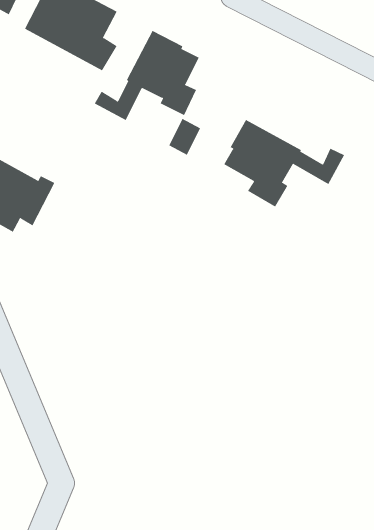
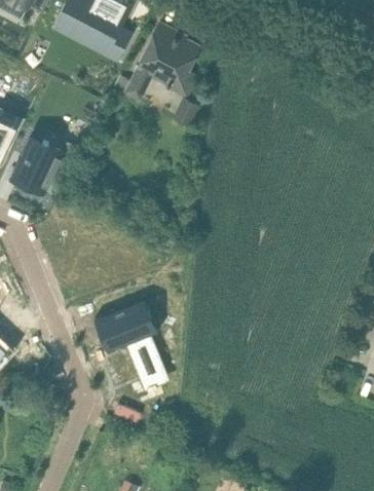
building: [223,119,345,208] -> none
building: none -> [94,301,160,376]

